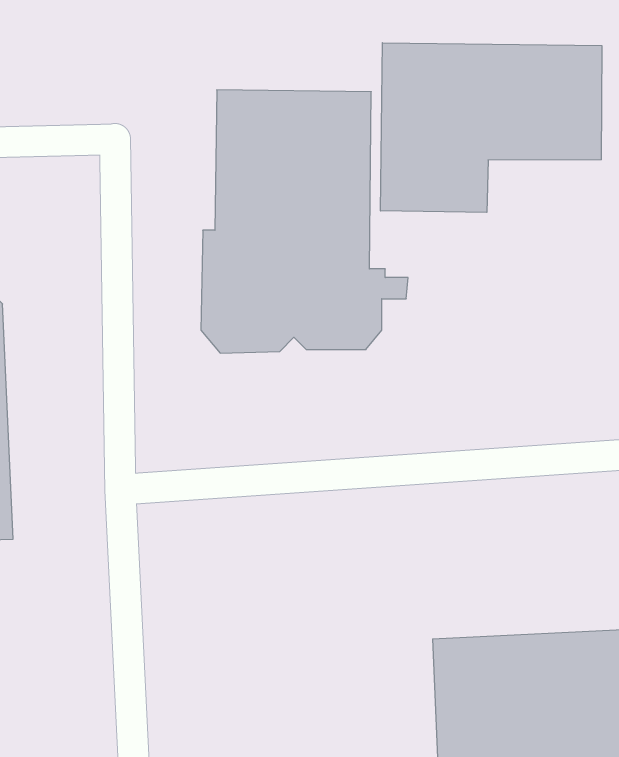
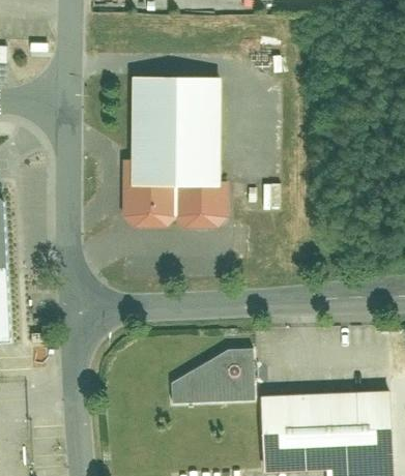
building: [381,43,602,212] -> none
building: none -> [169,351,253,405]

